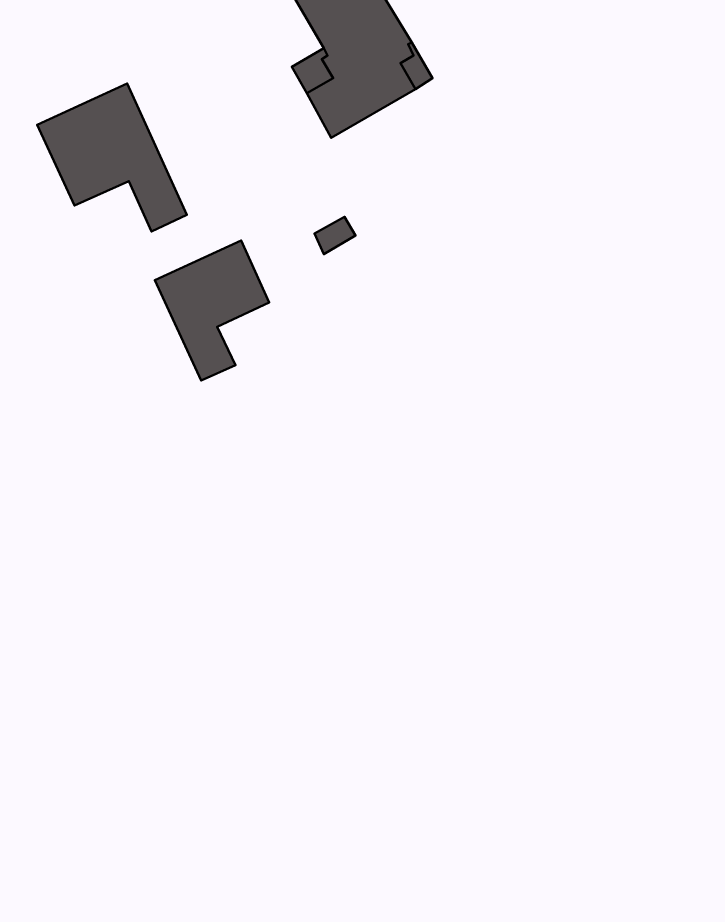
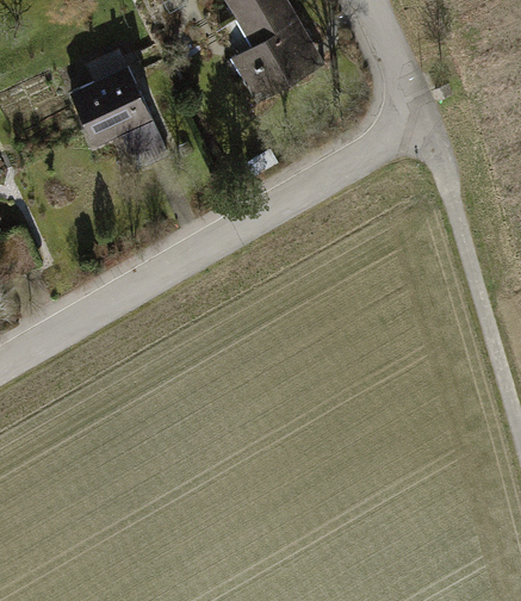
building: [155,240,269,381] -> none

